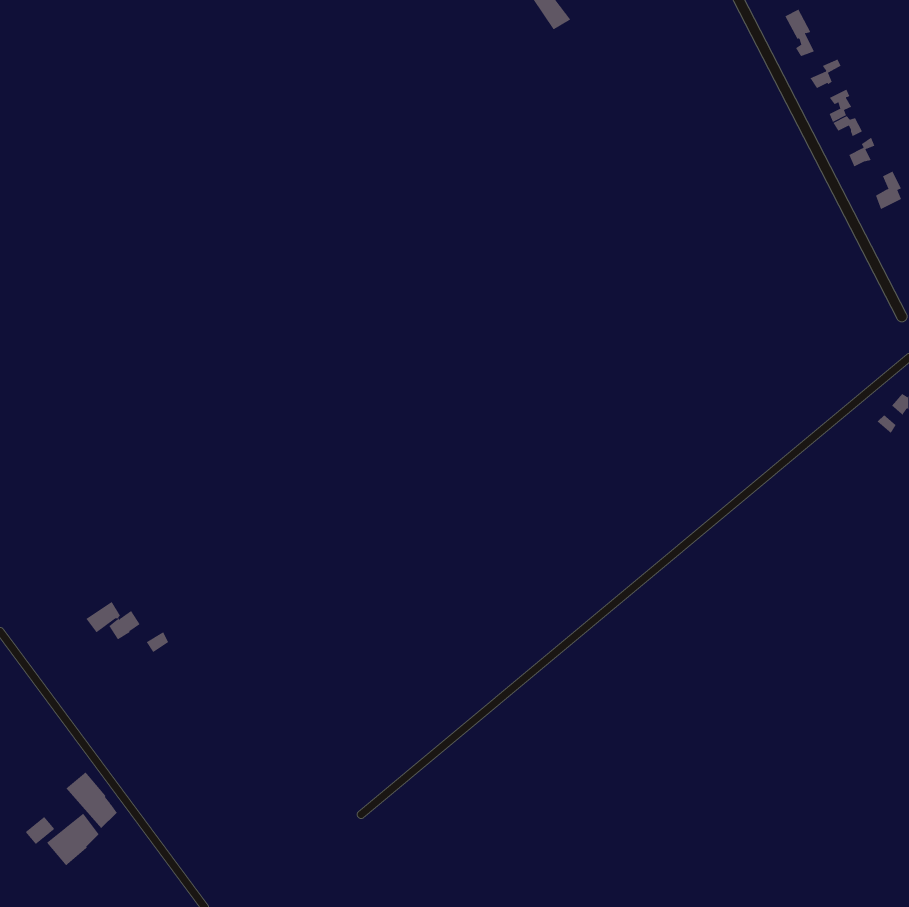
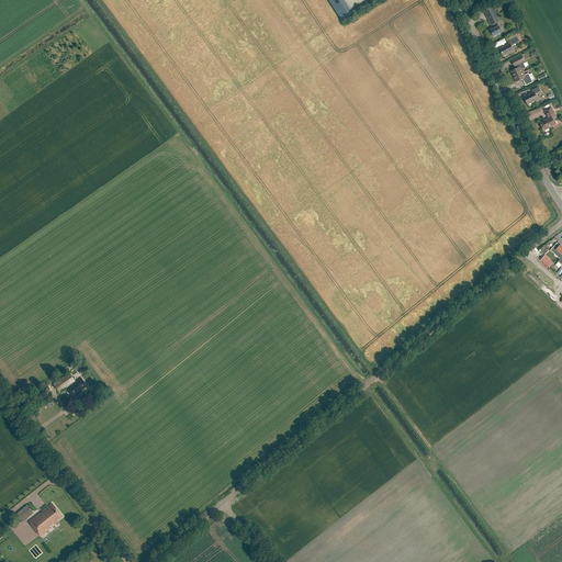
building: [66,771,117,829] -> none

